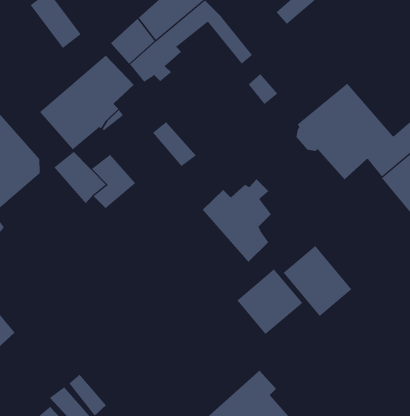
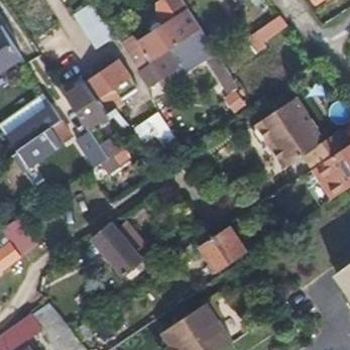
building: [202,179,272,263] -> [92,217,142,277]
building: [283,245,352,317] -> none

